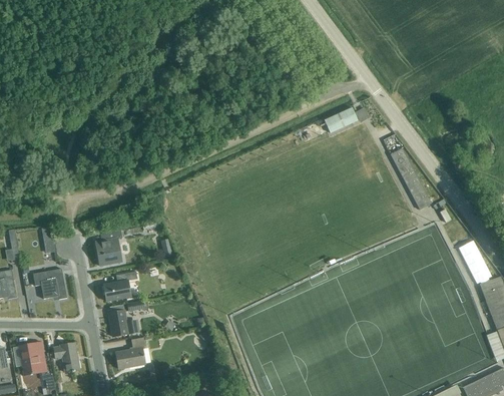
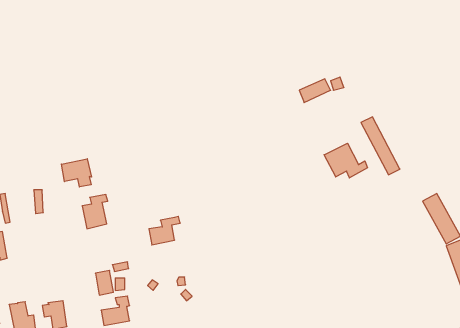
building: none -> [324,143,368,178]
building: none -> [61,159,91,187]
building: [33,268,67,299] -> none
building: [104,271,137,301] -> [149,216,180,245]

